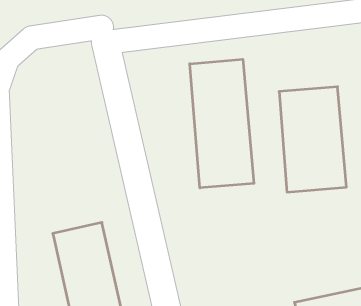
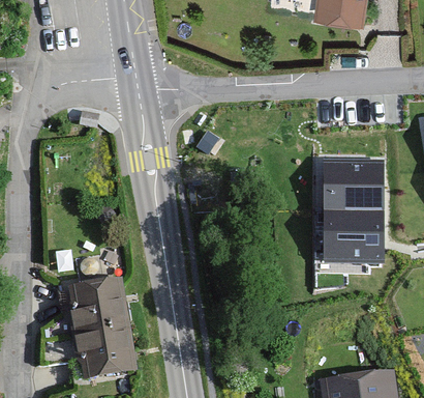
building: [190,59,254,188] -> none

